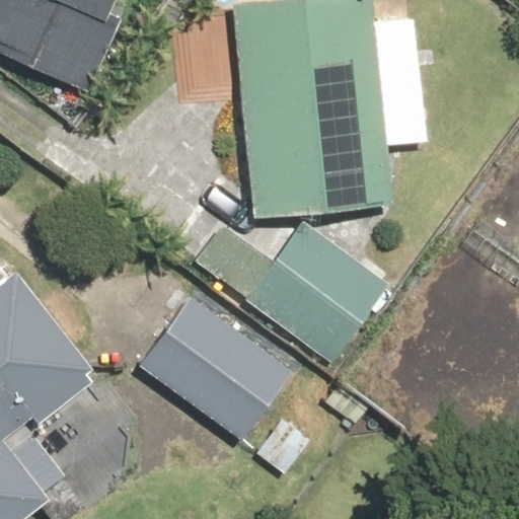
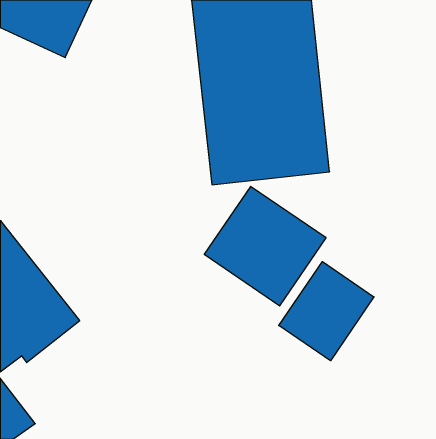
building: [134,291,316,473] -> none
building: none -> [279,262,374,361]

